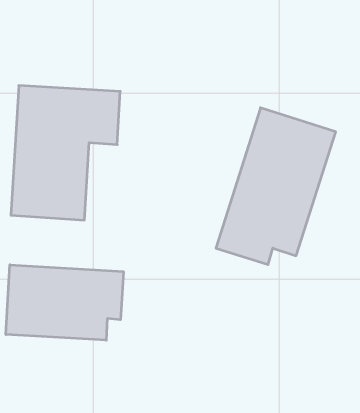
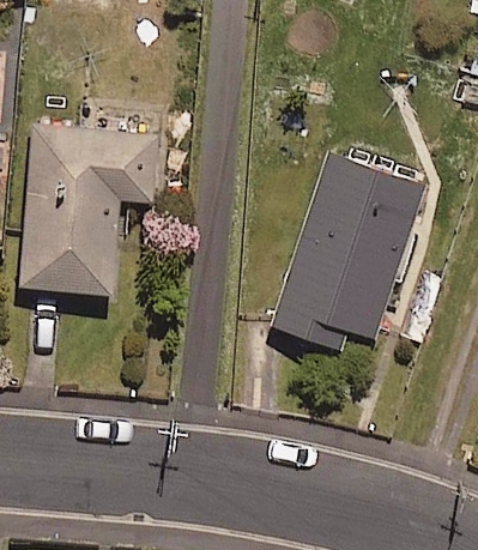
building: [6,265,123,340] -> none

